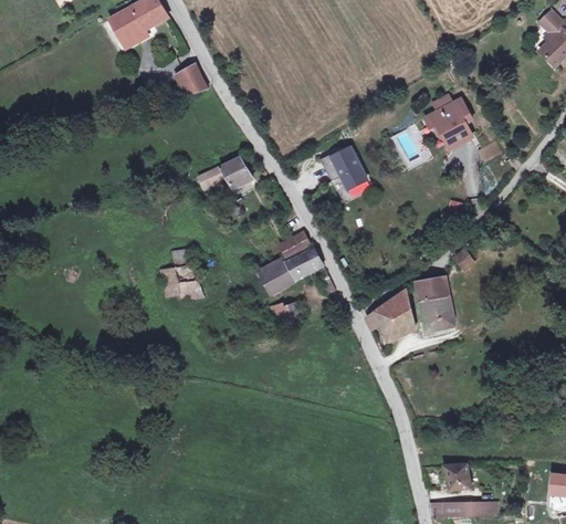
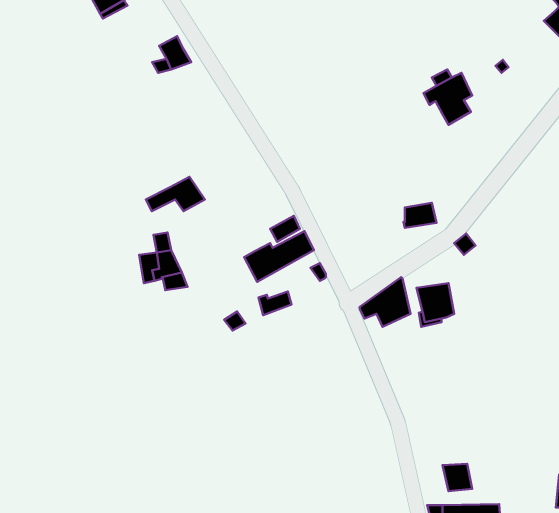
building: [321,147,366,188] -> none
building: [198,156,253,188] -> [146,177,205,211]
building: [418,276,449,300] -> [404,203,437,228]

